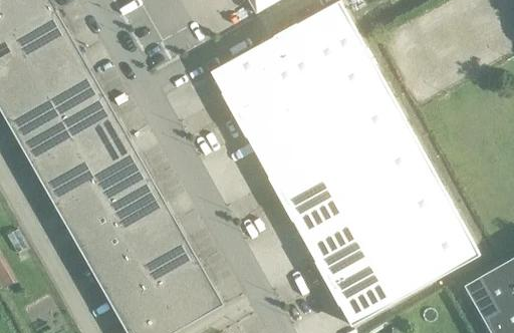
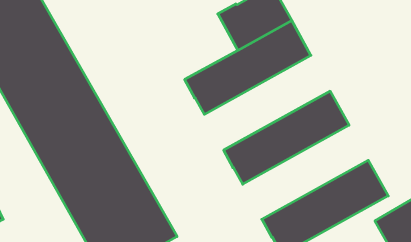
building: [210,35,297,114] -> none
building: [257,85,409,200] -> none
building: [303,170,455,283] -> none

